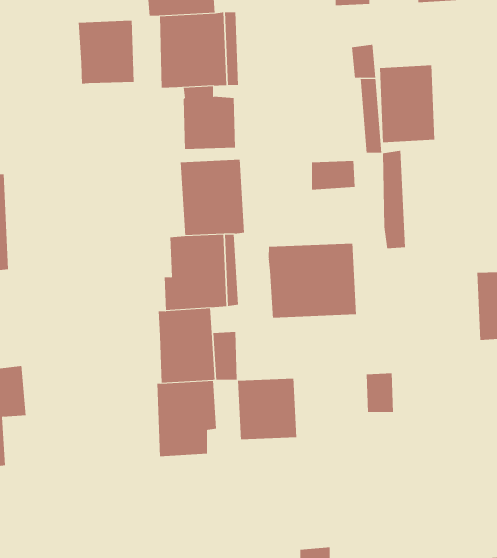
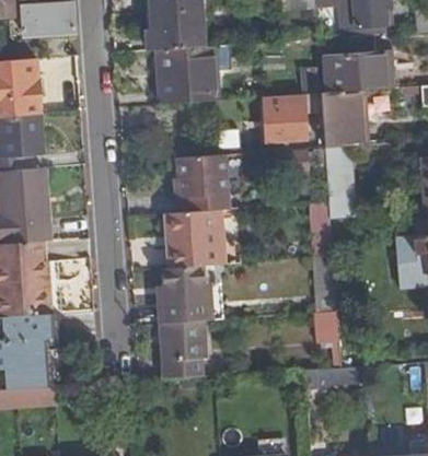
building: none -> [321,45,400,89]
building: [78,20,134,85] -> none
building: [183,86,236,149] -> [265,97,304,144]
building: [268,243,357,318] -> none
building: [237,378,297,440] -> none

